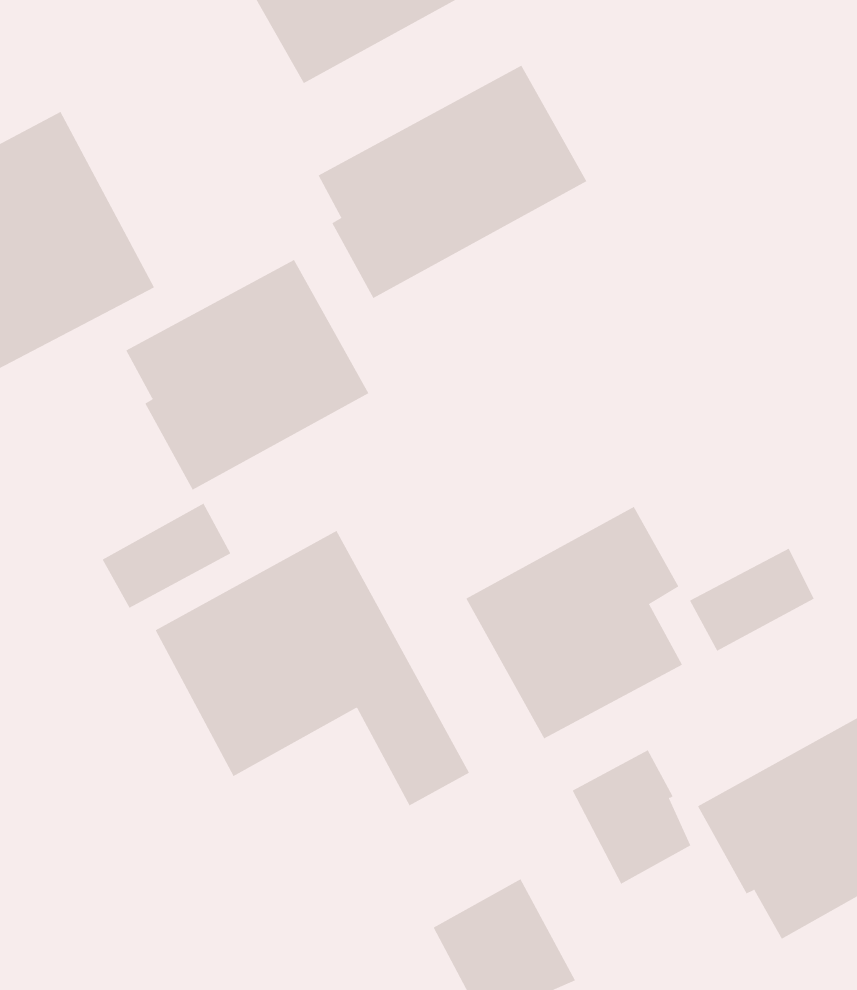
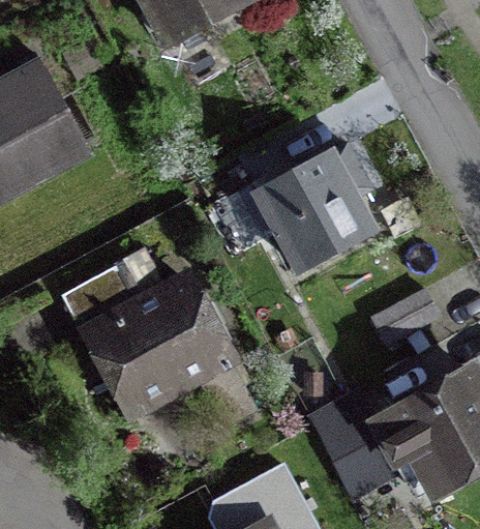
building: [318,65,587,299] -> none
building: [125,259,369,491] -> none
building: [466,506,683,739] -> [256,147,370,270]

